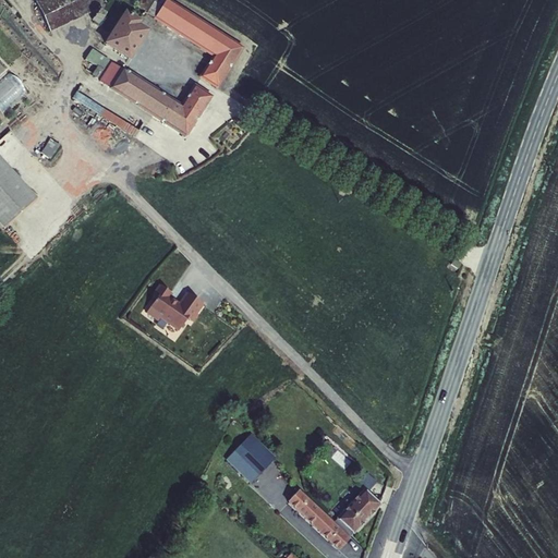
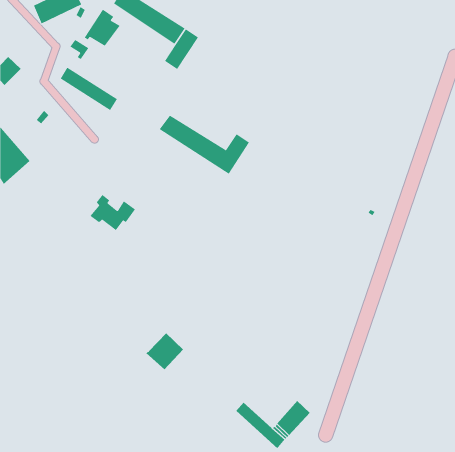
building: [99,61,210,134] -> [159,115,250,175]
building: [150,282,207,327] -> [90,194,136,231]
building: [227,433,274,478] -> [146,333,184,370]

